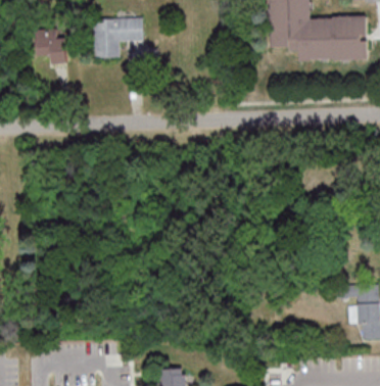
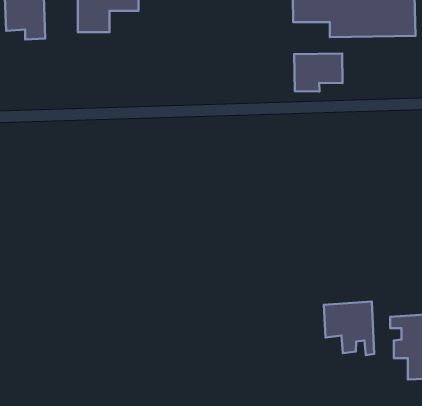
building: none -> [294,54,342,92]
building: none -> [324,302,374,355]

